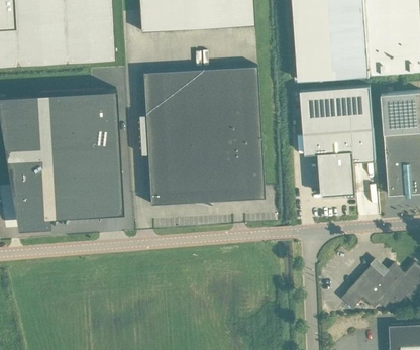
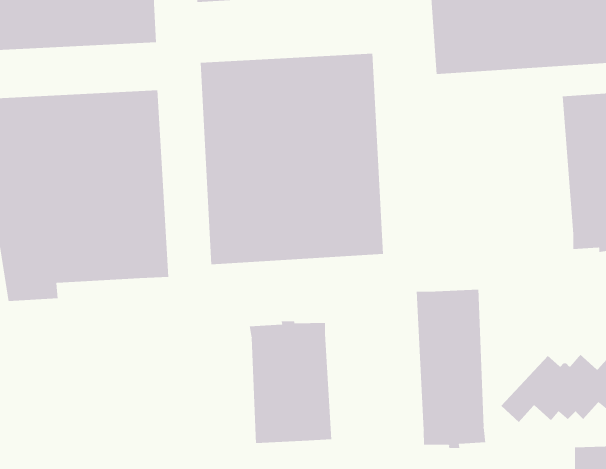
building: [300,86,375,198] -> none
building: none -> [416,289,486,449]
building: none -> [249,320,332,444]

